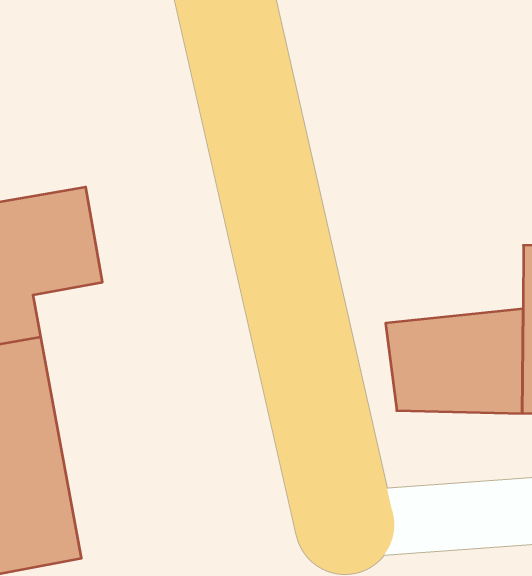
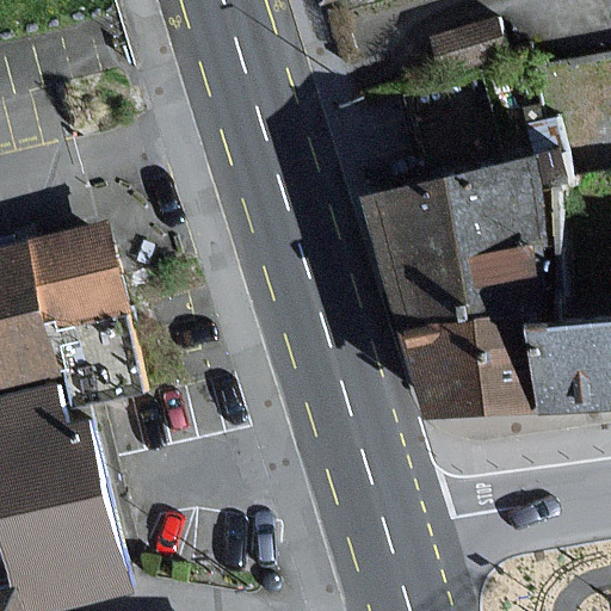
building: none -> [364,163,541,332]

